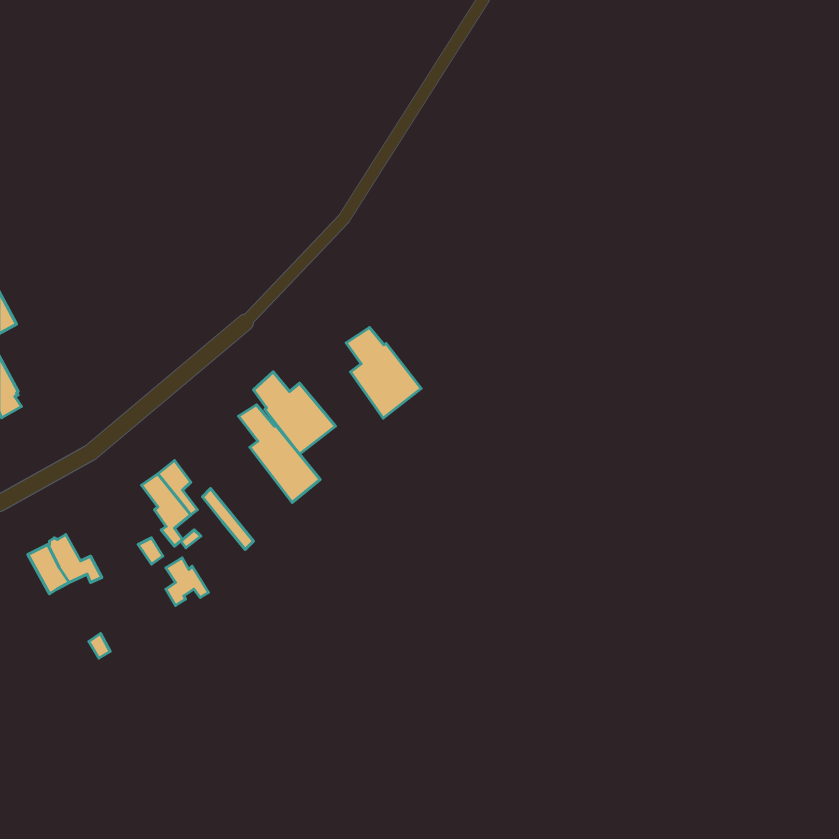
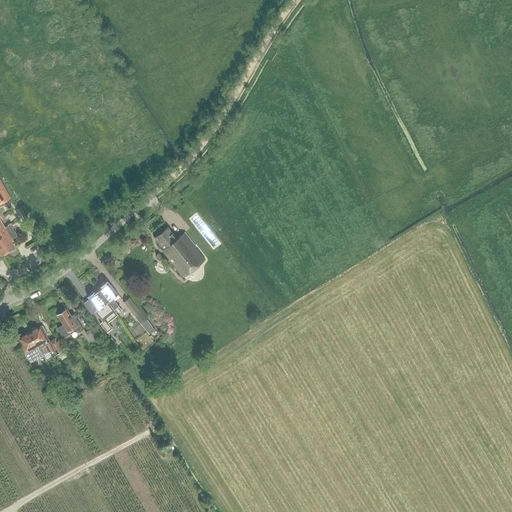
building: [346,327,421,418] -> none
building: [238,405,320,502] -> none
building: [166,558,208,606] -> [56,309,82,338]

